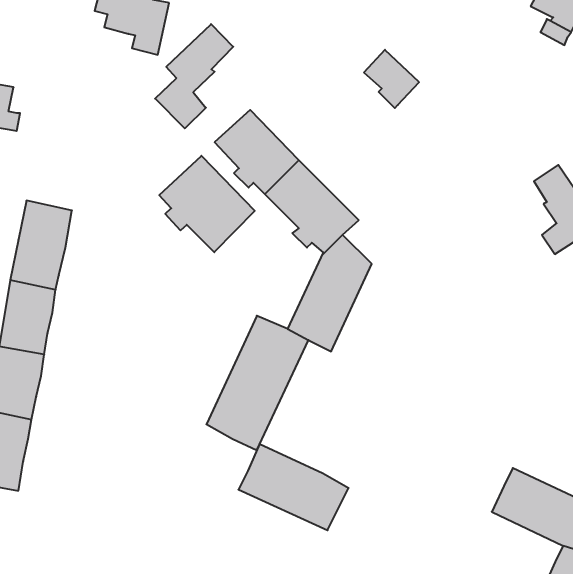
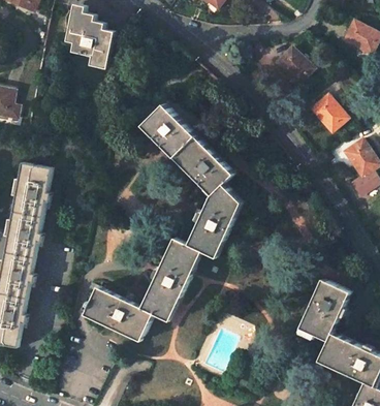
building: [155,24,233,128] -> none
building: [364,50,419,108] -> [277,48,312,85]
building: none -> [311,95,346,132]
building: [159,156,255,252] -> none
building: none -> [299,279,350,341]
building: [238,444,349,530] -> [83,286,153,341]

